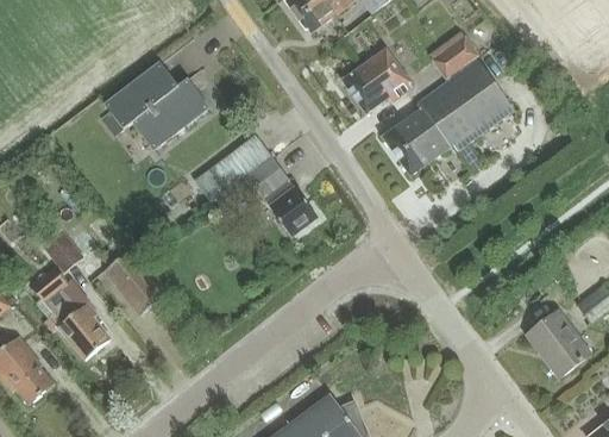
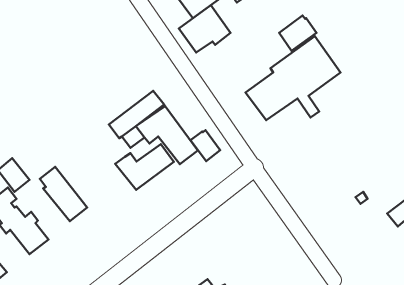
building: [341,46,413,112] -> [179,5,231,53]
building: [101,60,208,146] -> none
building: none -> [190,130,220,161]
building: none -> [115,144,174,190]
building: [526,310,590,376] -> none

